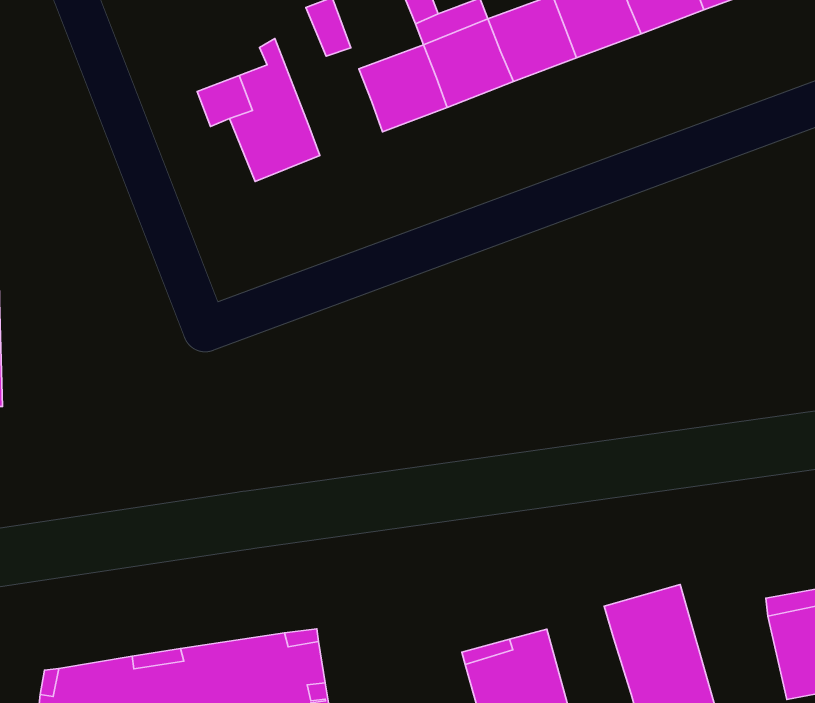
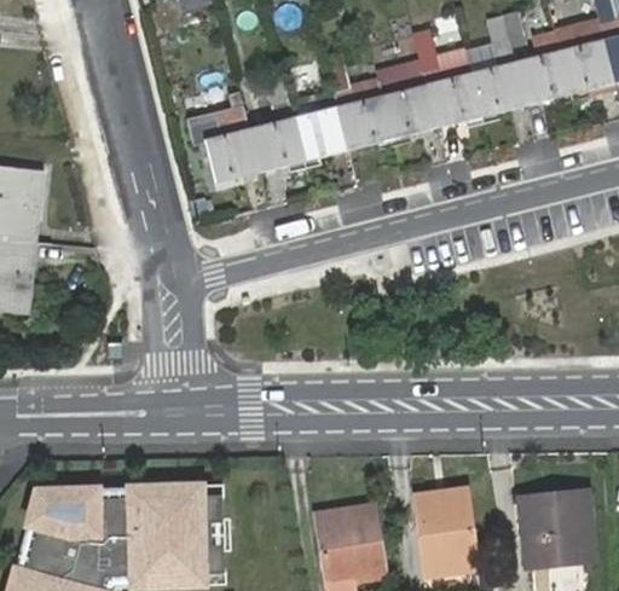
building: none -> [249,117,303,172]

